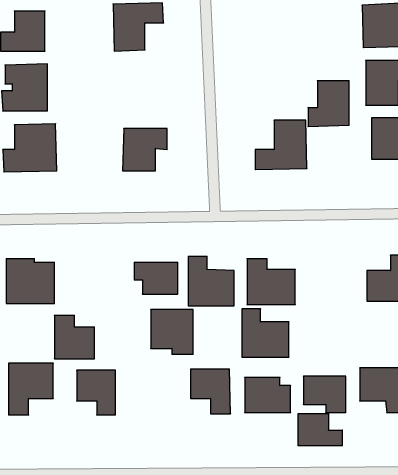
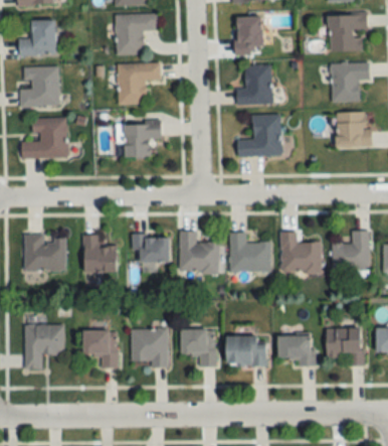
building: none -> [236,17,263,55]
building: none -> [118,63,161,105]
building: [308,81,349,127] -> [237,65,272,105]
building: [242,309,289,357] -> [281,233,322,274]
building: [151,310,193,354] -> [132,328,168,366]
building: [54,315,94,359] -> [83,236,118,273]
building: [298,414,342,446] -> none

